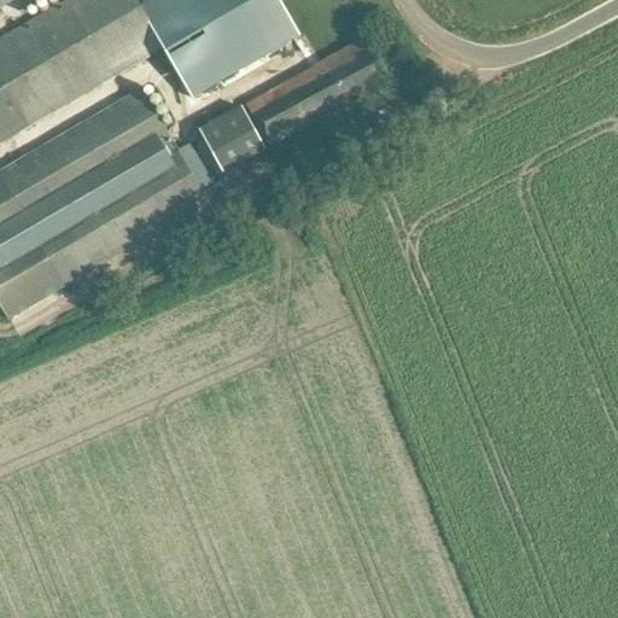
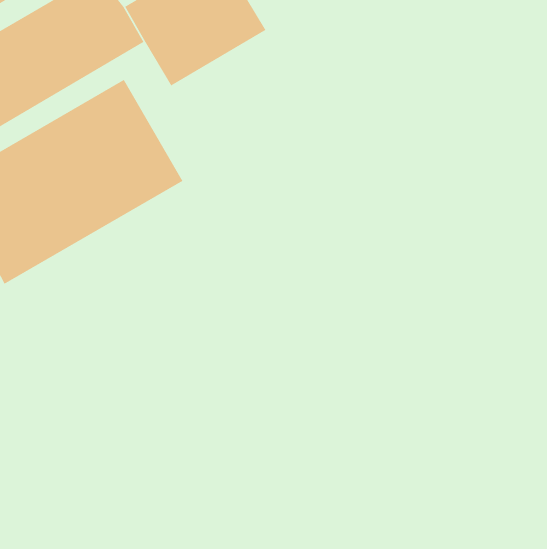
building: [243,37,384,146] -> none
building: [196,106,261,173] -> none

